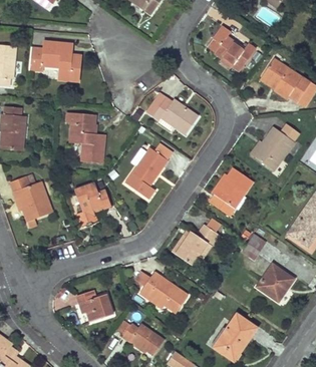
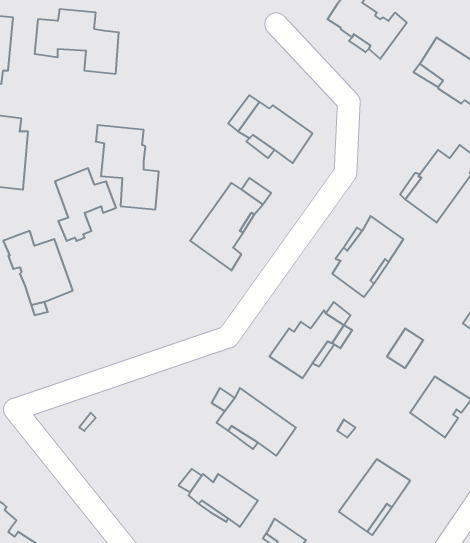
building: [74,181,111,226] -> [55,168,116,241]
building: [76,289,112,321] -> none

